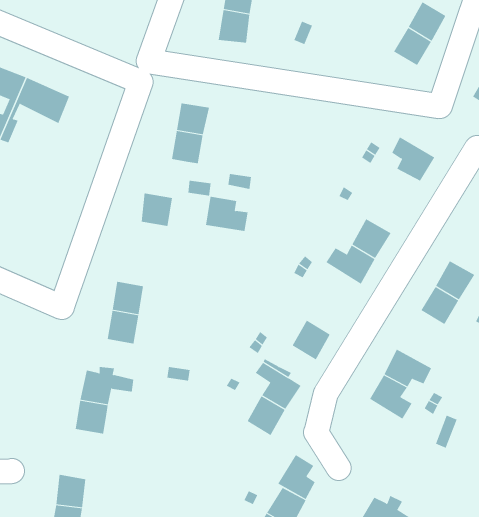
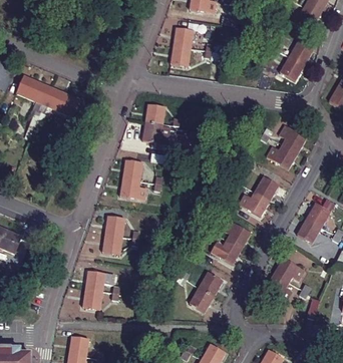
building: none -> [266,144,297,168]
building: [205,196,248,231] -> [119,177,146,200]
building: none -> [223,220,251,248]
building: [278,454,316,500] -> none

